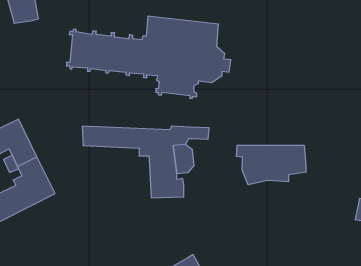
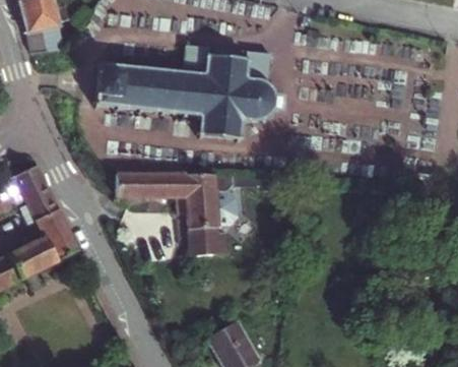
building: [236,145,306,185] -> none

